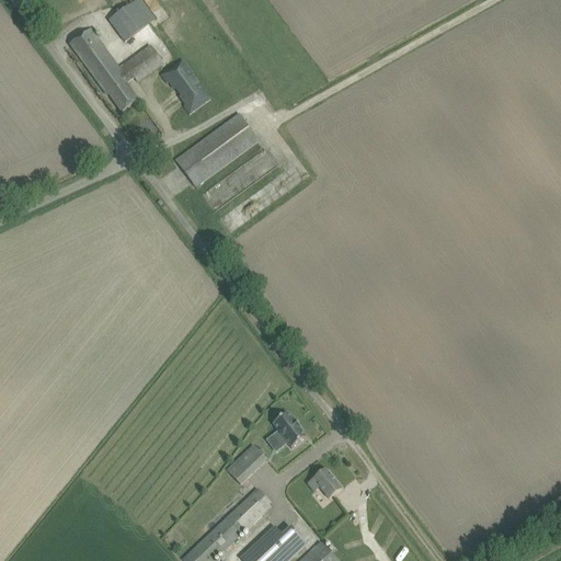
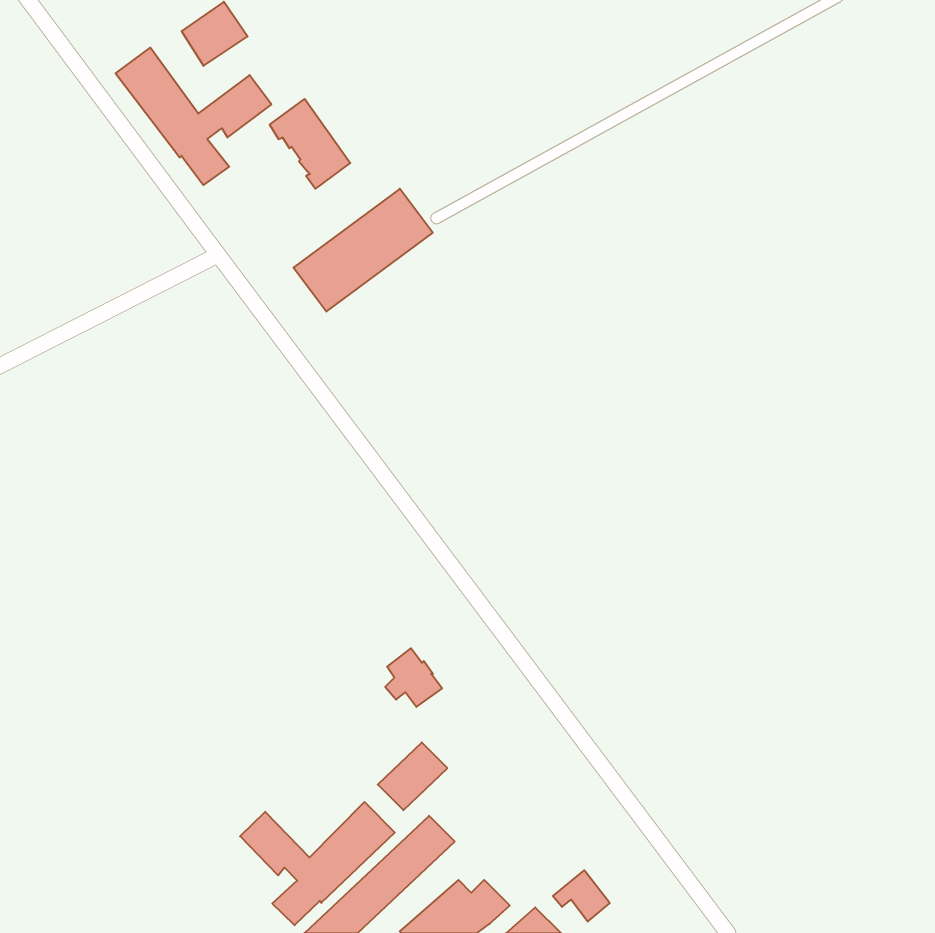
building: [272,412,306,447] -> [385,648,442,707]
building: [307,468,341,499] -> [553,870,610,922]
building: none -> [240,802,395,925]

